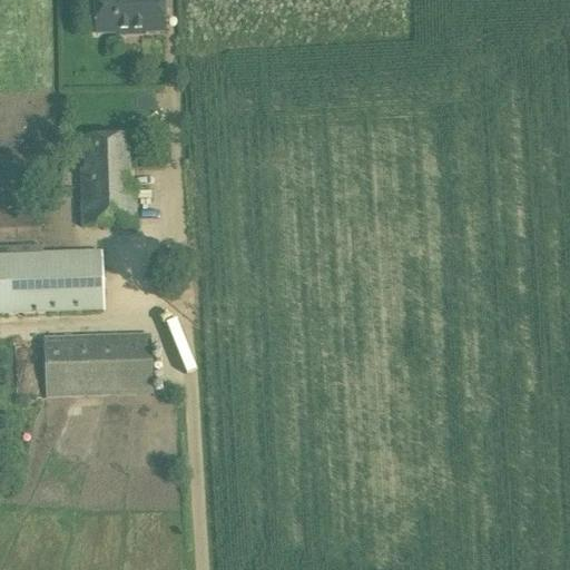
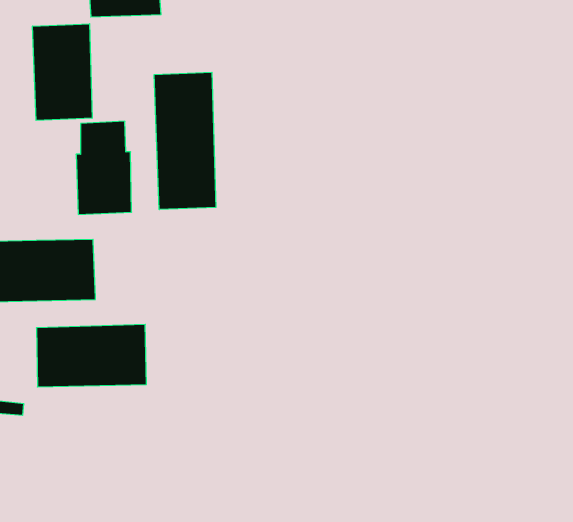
building: none -> [33,24,92,120]
building: none -> [154,72,216,210]

